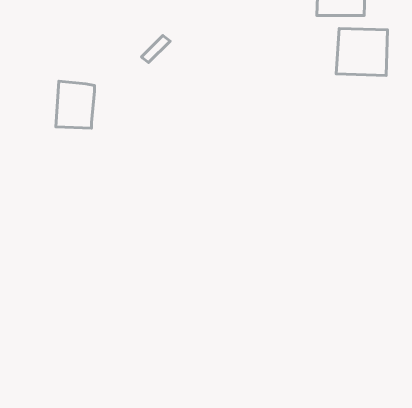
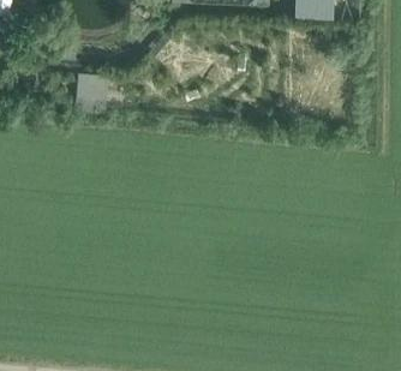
building: [336,28,388,75] -> none

